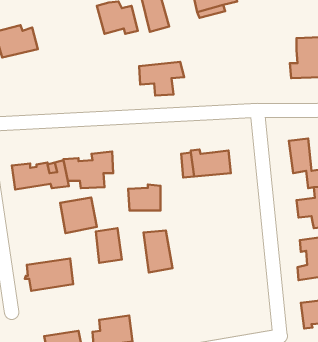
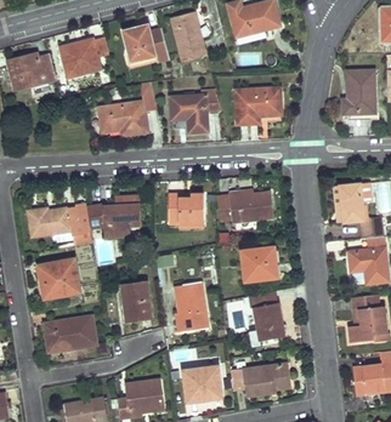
building: none -> [61,40,108,78]
building: none -> [98,84,157,137]
building: none -> [237,90,280,125]
building: [128,185,161,210] -> [169,195,205,224]
building: [60,198,97,233] -> [38,260,79,300]
building: none -> [240,249,278,283]
building: none -> [251,303,285,346]
building: none -> [231,364,289,398]
building: none -> [182,367,221,403]

